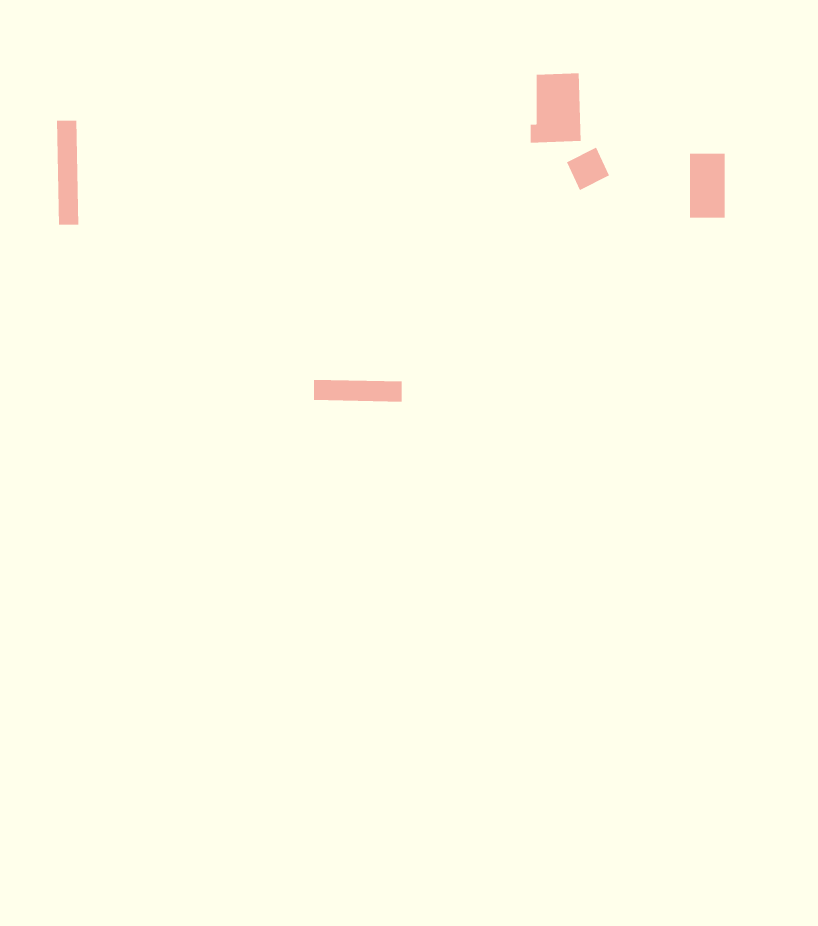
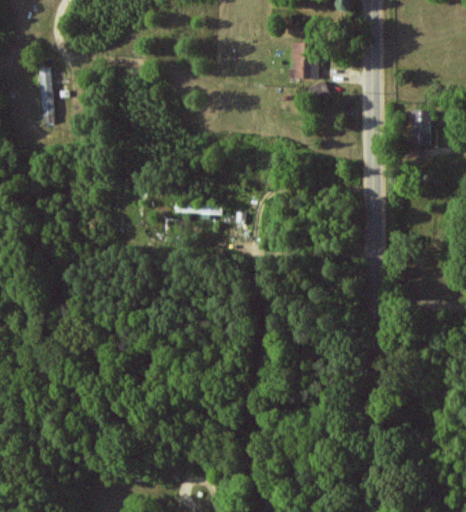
building: [689,153,725,218] -> [413,111,432,145]

